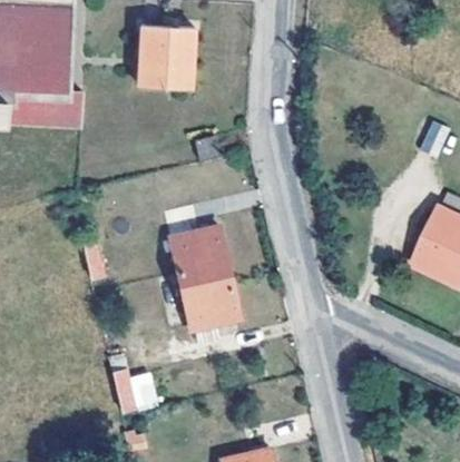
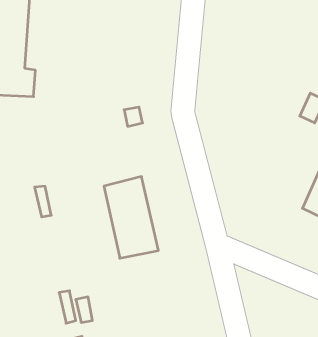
building: [139,24,196,88] -> none

